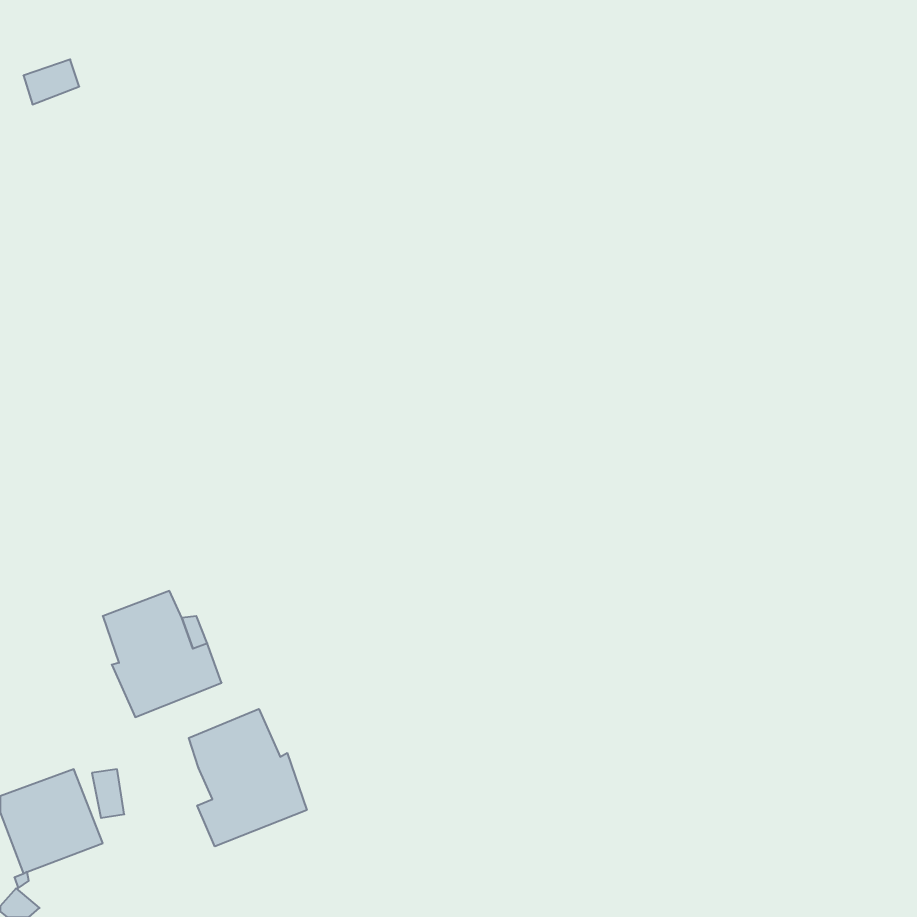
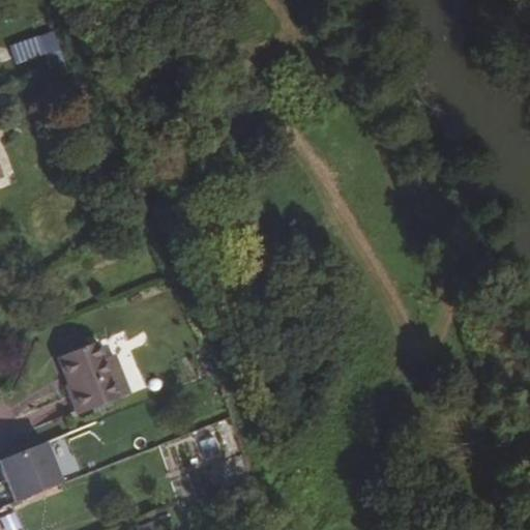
building: [189,709,307,846] -> none

